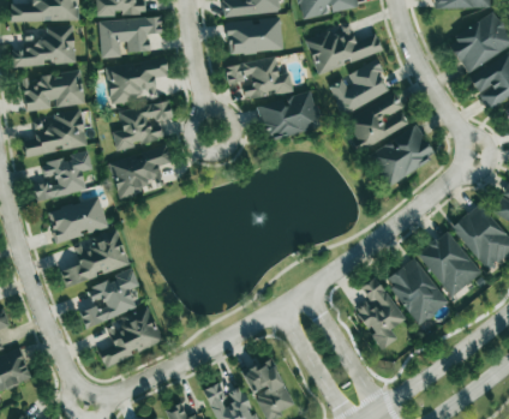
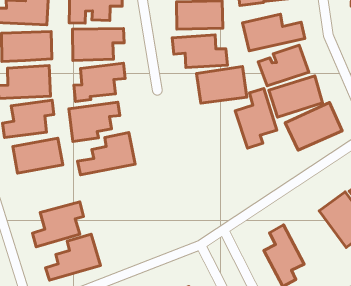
building: none -> [235,89,277,148]
building: [60,231,128,286] -> [78,132,135,175]
building: [385,257,447,325] -> none

